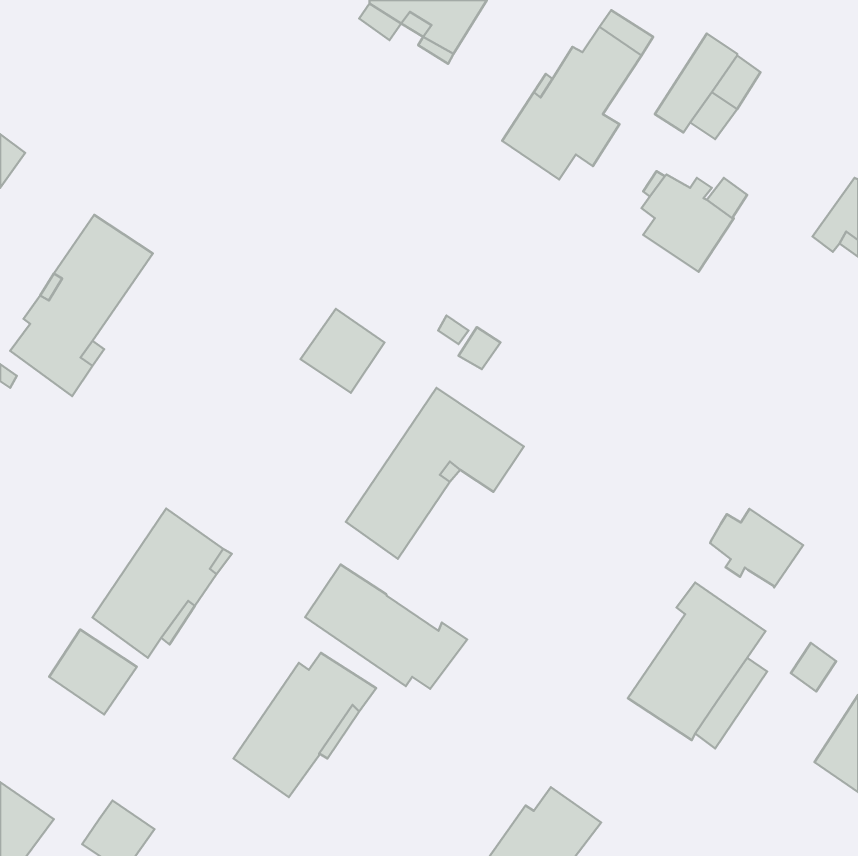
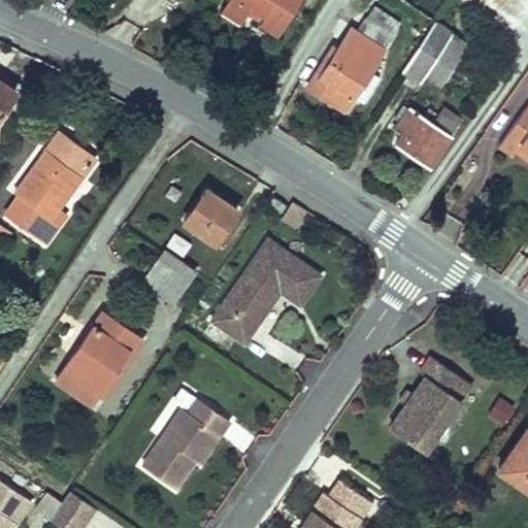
building: none -> [141,251,195,305]
building: [710,509,803,587] -> none
building: [305,564,467,689] -> none
building: [49,630,137,715] -> none

